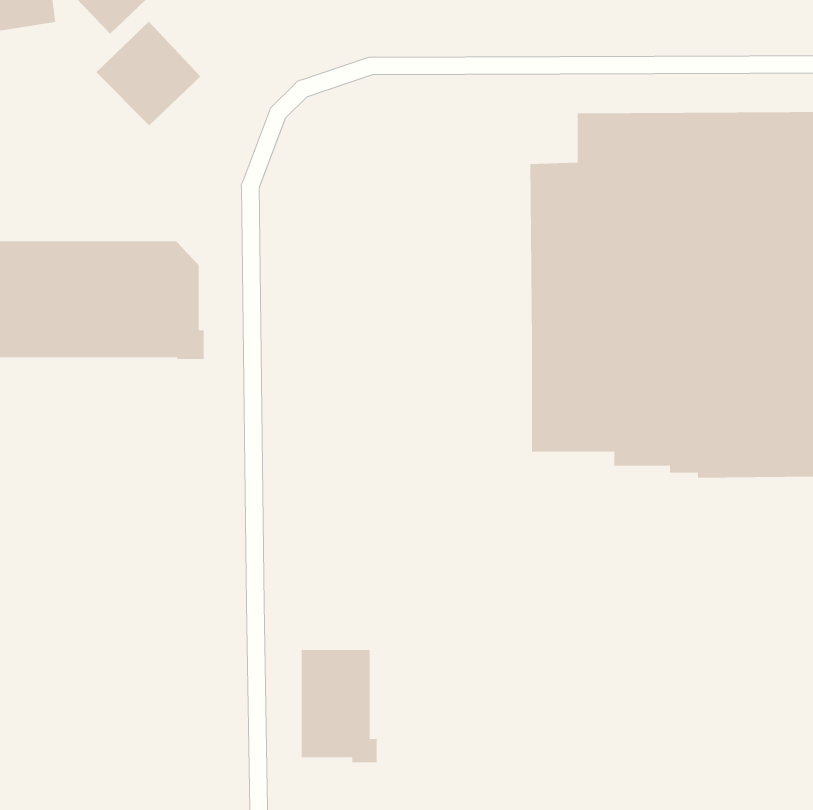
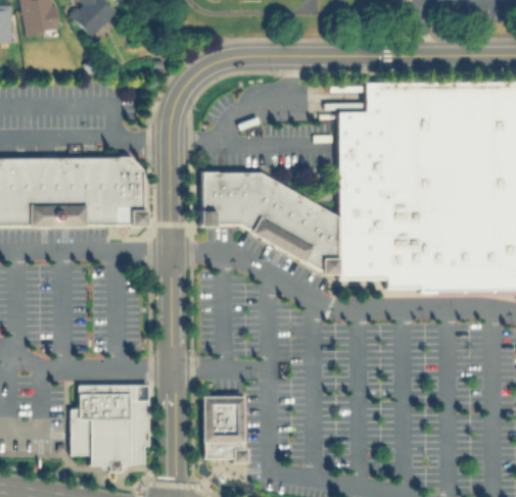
building: [95,21,201,126] -> none
building: none -> [199,171,337,275]
building: none -> [71,384,149,471]

